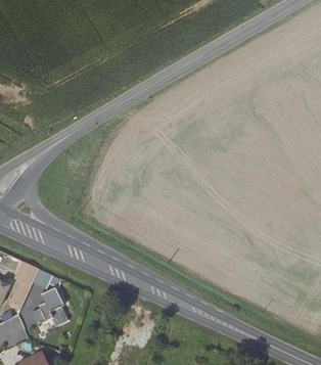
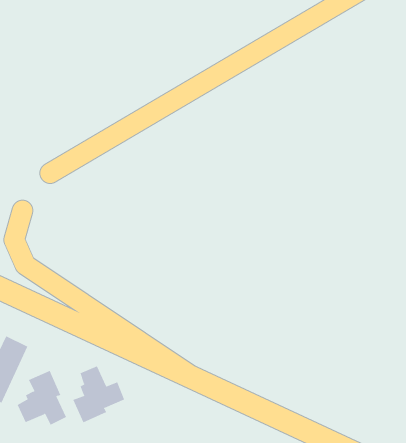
building: none -> [73,365,125,423]

